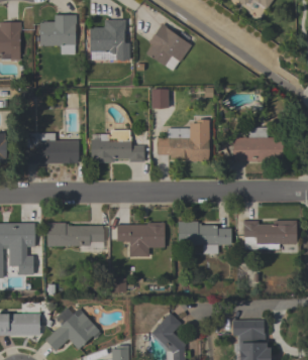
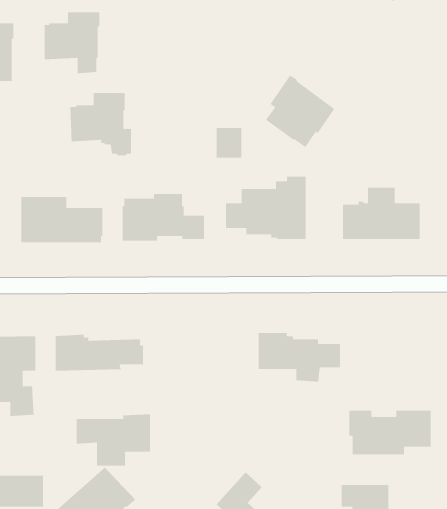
building: [90,20,130,62] -> [69,92,132,156]
building: [146,24,192,72] -> [265,75,335,148]
building: [243,221,297,250] -> [349,410,431,455]
building: [117,223,166,257] -> [76,413,151,467]

